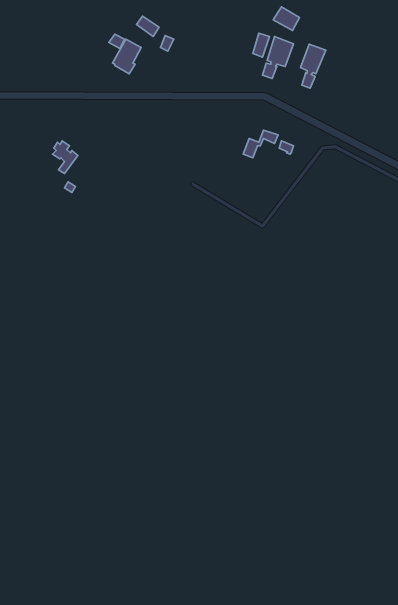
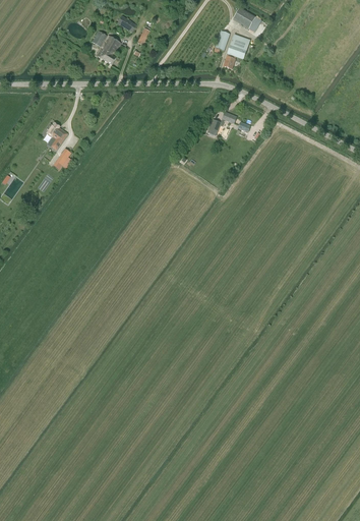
building: [301,44,326,88] -> none

